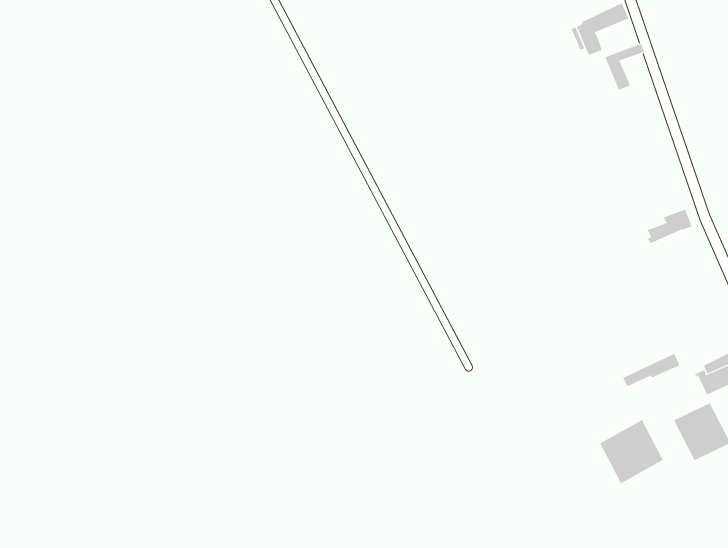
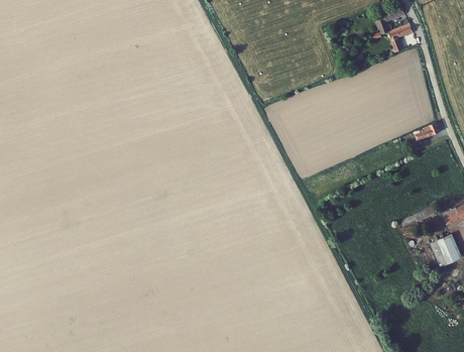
building: [600,419,664,484] -> none

